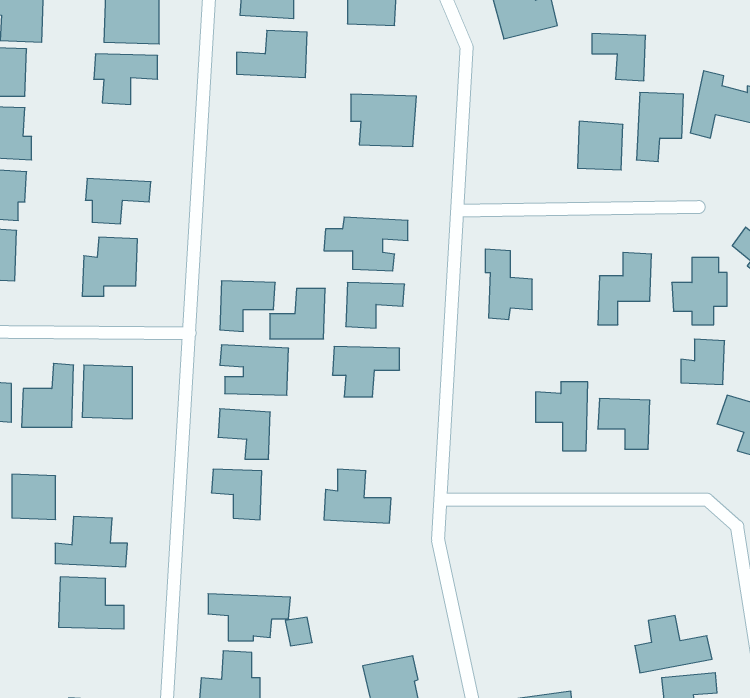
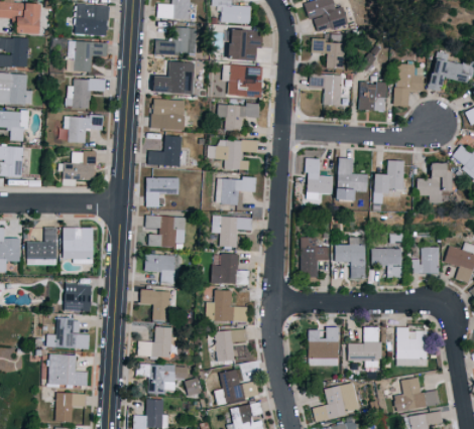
building: [592,34,646,81] -> [313,40,345,68]
building: none -> [228,30,262,60]
building: none -> [150,62,195,94]
building: none -> [324,75,342,106]
building: none -> [67,79,106,109]
building: none -> [151,100,185,130]
building: none -> [217,104,260,131]
building: none -> [336,158,368,200]
building: [270,288,325,339] -> [148,136,182,166]
building: [681,339,725,384] -> [414,247,441,274]
building: none -> [300,237,330,278]
building: none -> [211,254,250,285]
building: [12,474,56,520] -> [65,284,91,311]
building: none -> [138,327,172,358]
building: none -> [309,327,340,367]
building: none -> [348,327,380,367]
building: none -> [396,327,428,367]
building: none -> [212,329,247,362]
building: none -> [215,369,259,405]
building: none -> [313,383,359,422]
building: none -> [55,393,87,422]

